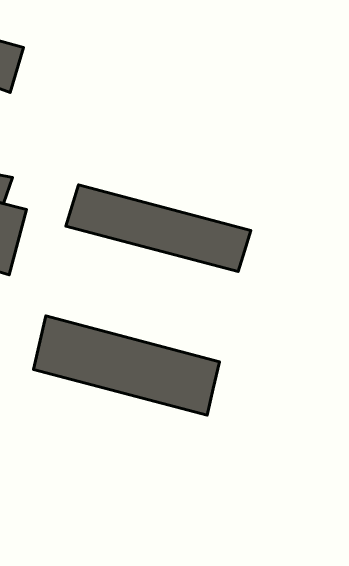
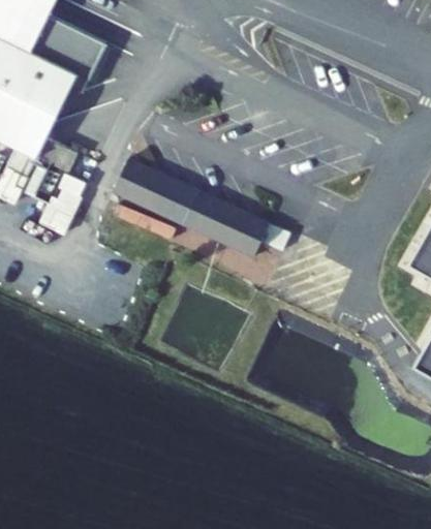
building: [33,316,219,415] -> none

